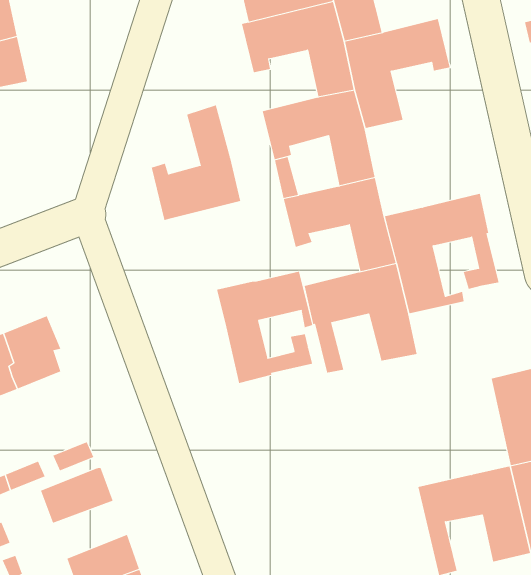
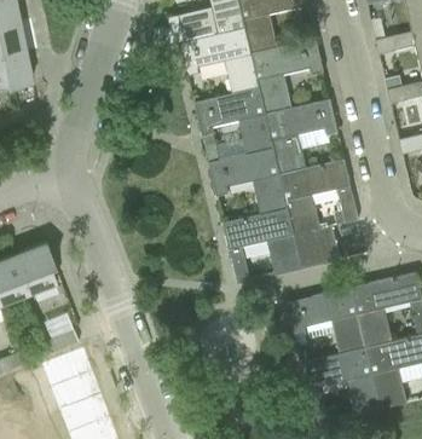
building: [151,105,241,221] -> none
building: none -> [265,98,337,174]
building: [216,271,313,384] -> none
building: none -> [295,233,341,270]
building: none -> [287,287,365,353]
building: none -> [48,371,100,411]

